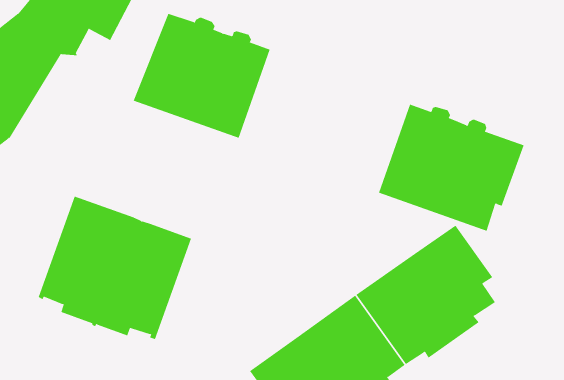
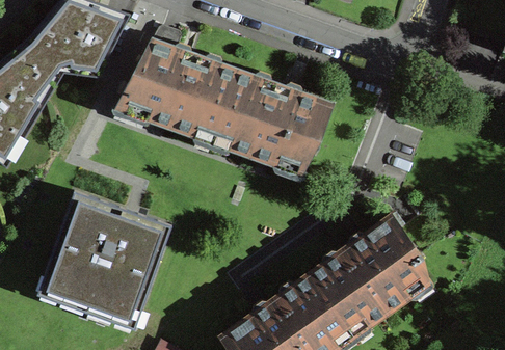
building: [378,104,525,232] -> [211,71,333,177]

